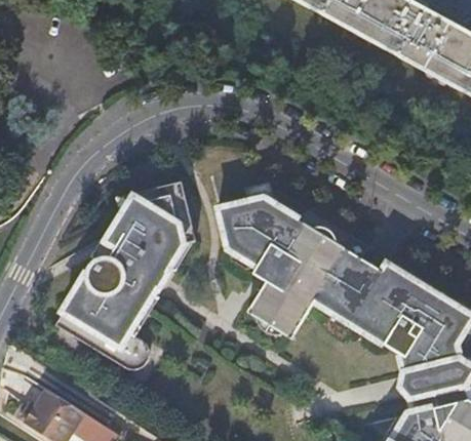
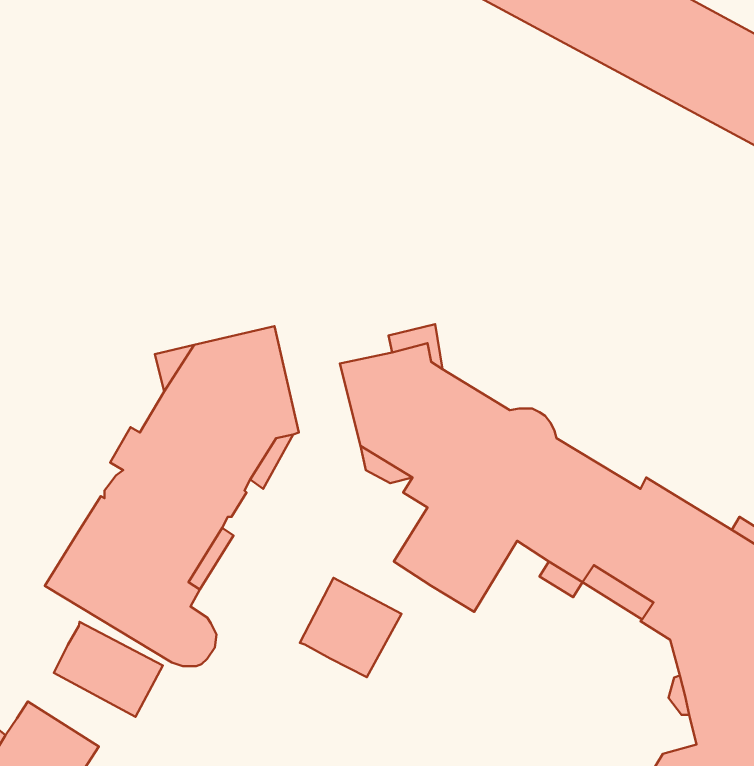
building: none -> [300,578,401,677]
building: none -> [54,622,163,717]

